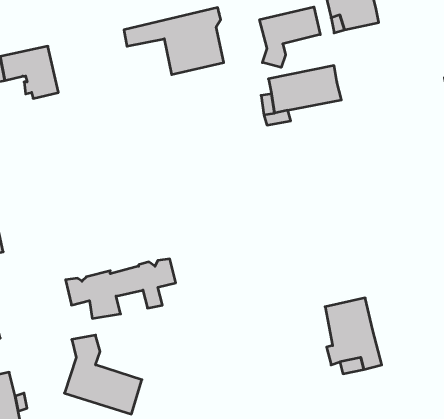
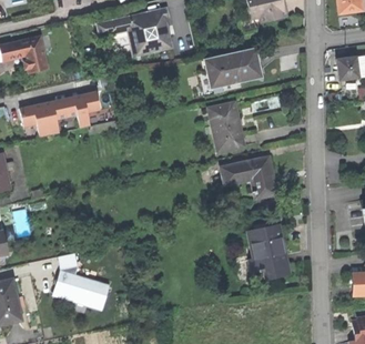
building: [260,7,320,67] -> none
building: none -> [209,103,245,152]
building: none -> [221,156,277,198]
building: [66,259,176,318] -> [19,92,101,136]

